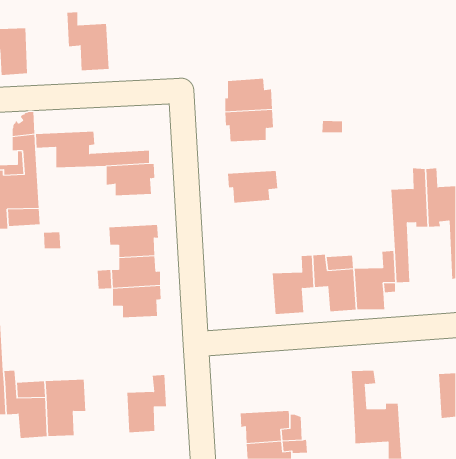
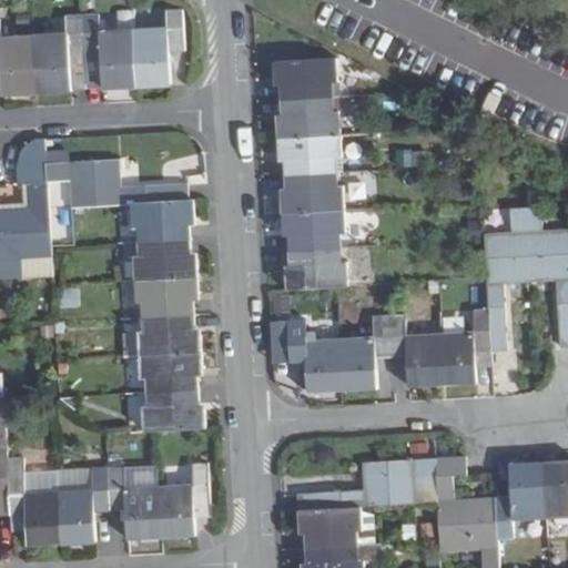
building: none -> [132,10,184,85]
building: none -> [32,16,85,91]
building: none -> [274,59,335,100]
building: none -> [280,173,342,214]
building: none -> [133,240,195,281]
building: none -> [285,247,346,287]
building: none -> [287,320,339,389]
building: none -> [141,390,203,430]
building: none -> [295,458,435,510]
building: none -> [493,462,545,538]
building: none -> [104,467,159,536]

